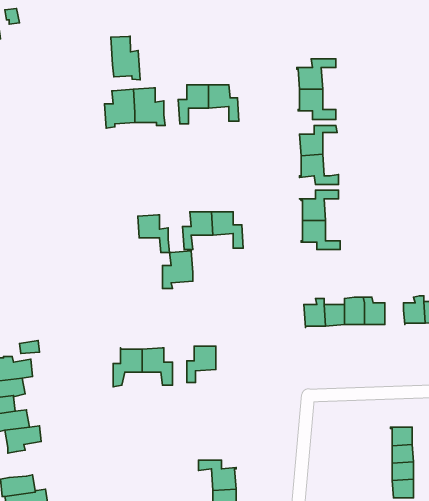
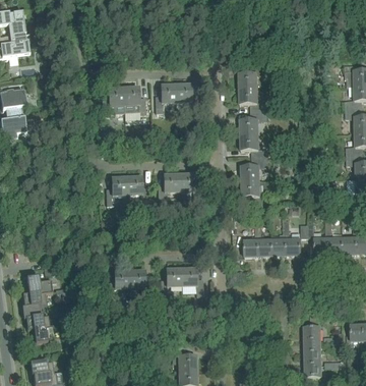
building: [111,36,140,80] -> none
building: [162,251,193,289] -> [106,177,127,204]
building: none -> [181,267,202,294]

